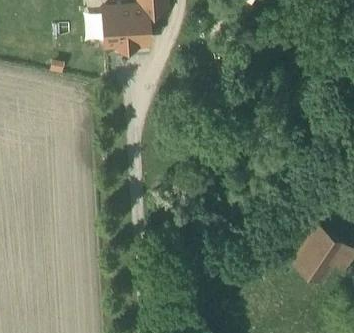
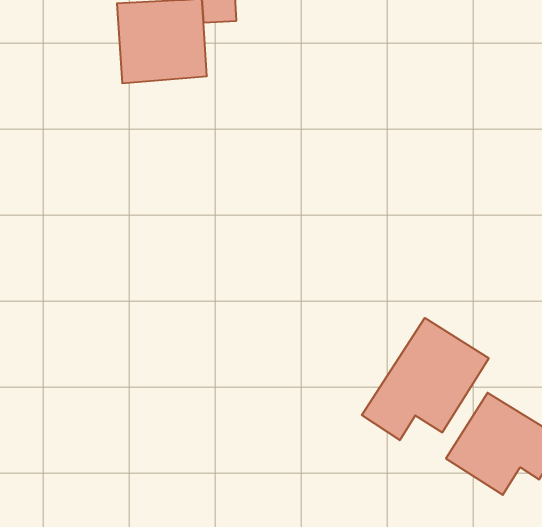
building: none -> [362,318,489,440]

